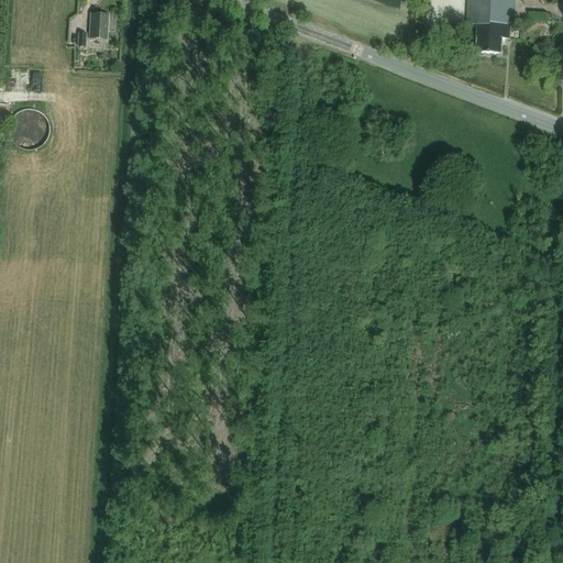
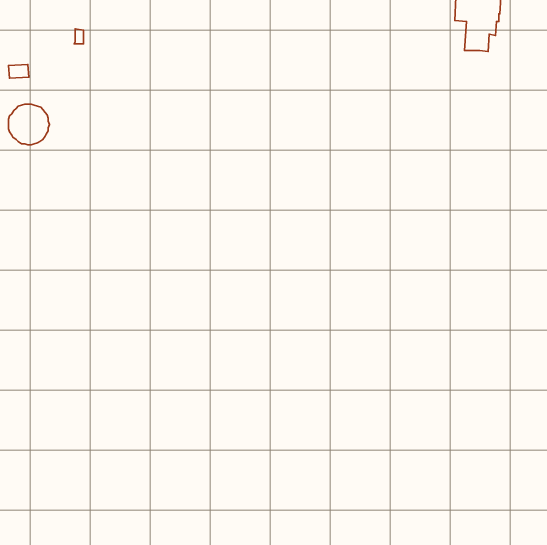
building: [88,11,107,37] -> none

